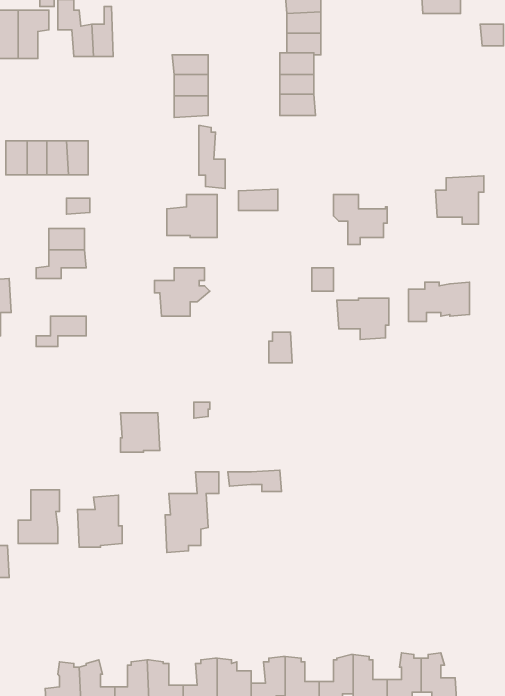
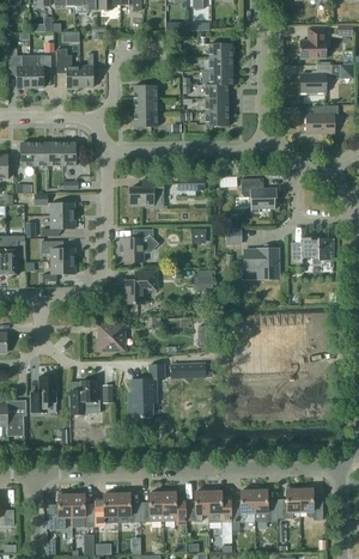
building: none -> [300,65,331,92]
building: [199,125,225,189] -> none
building: [435,176,484,224] -> [305,104,337,136]
building: none -> [42,239,75,260]
building: none -> [124,271,157,303]

